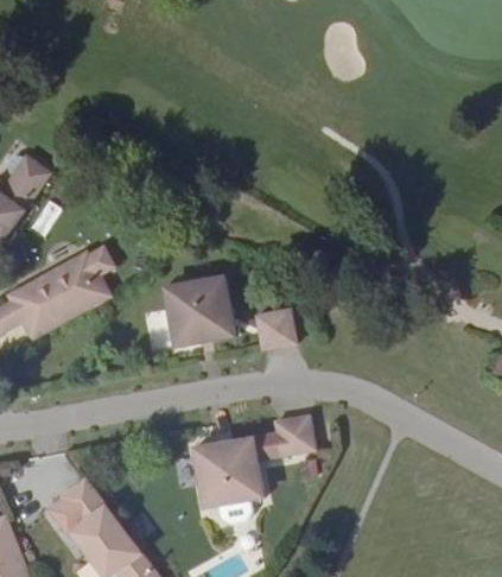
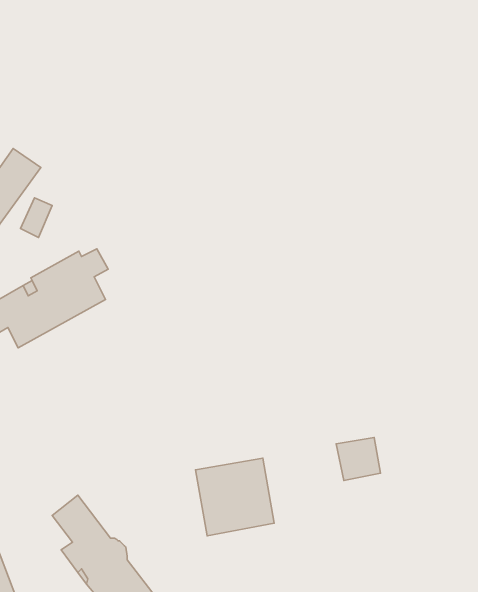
building: [165,271,236,342] -> none
building: [254,309,293,350] -> none
building: [272,412,313,452] -> [336,437,381,481]

